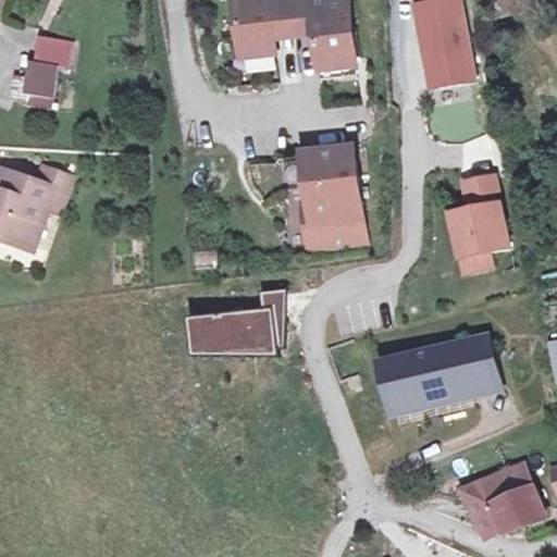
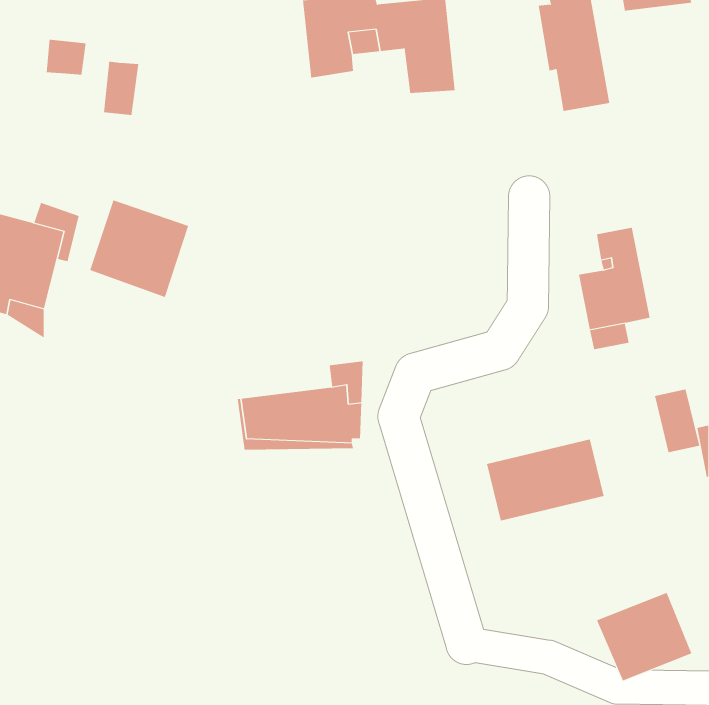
building: [23,55,51,98] -> [103,61,139,115]
building: [298,151,359,252] -> none
building: none -> [89,200,189,298]
building: [461,337,497,387] -> [654,389,700,453]

